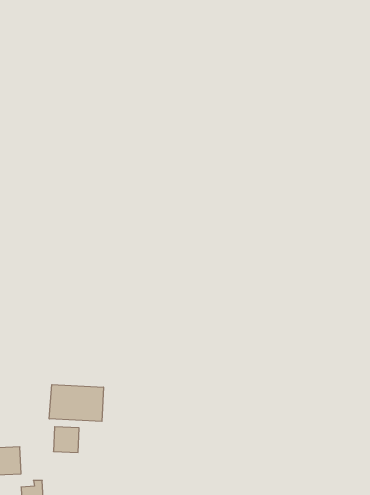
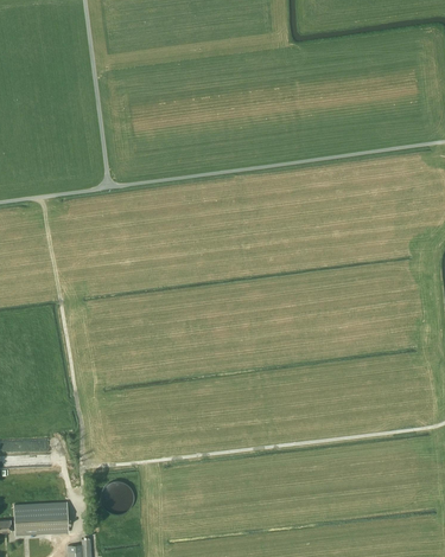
building: [49,385,103,421] -> none

